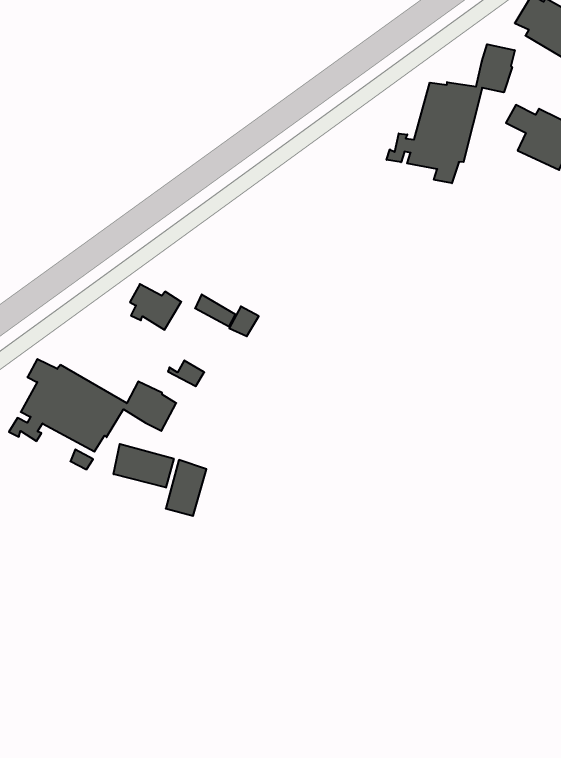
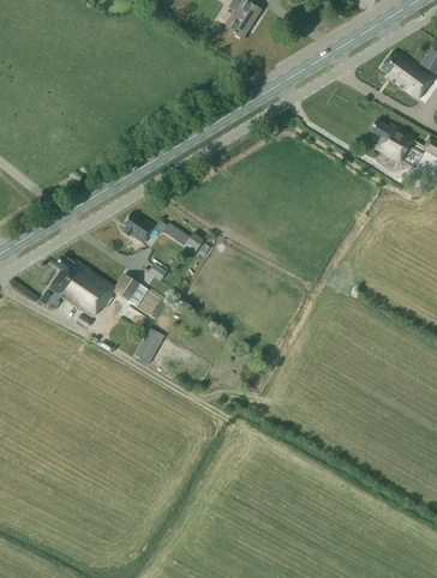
building: [387,44,515,183] -> none
building: [114,444,174,488] -> none

